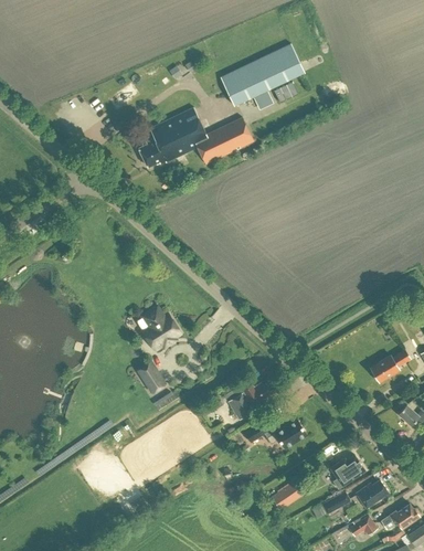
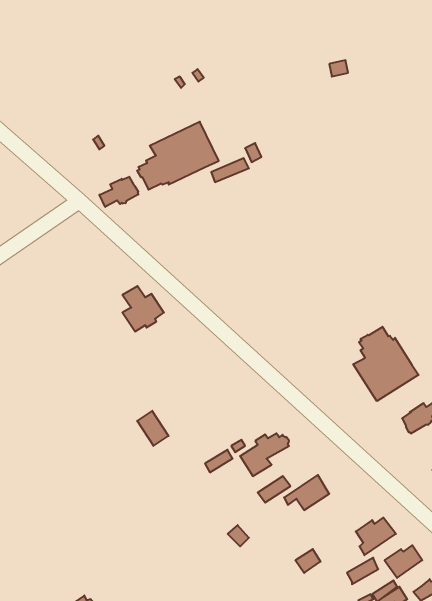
building: [220,44,304,106] -> none
building: none -> [99,177,138,207]
building: none -> [353,327,419,401]
building: [142,309,179,349] -> [122,286,164,331]

